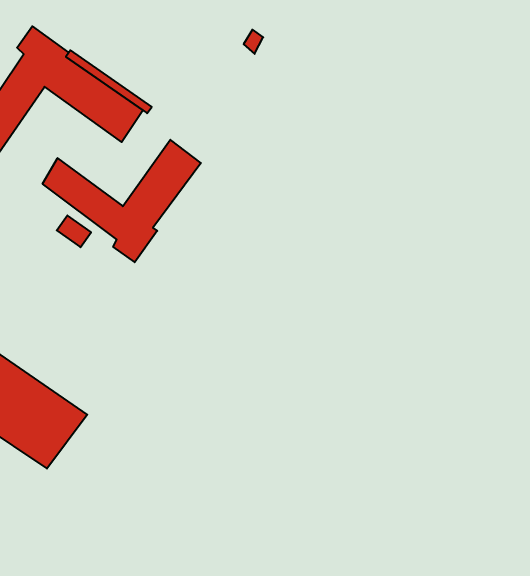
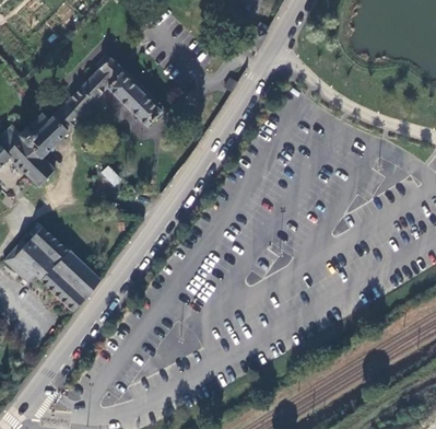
building: [43,140,201,262] -> none

